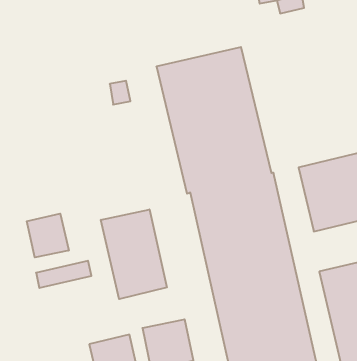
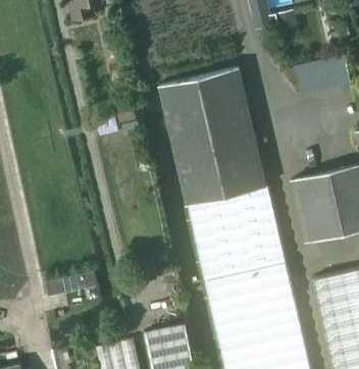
building: [101,209,167,299] -> none
building: [27,214,69,257] -> none

